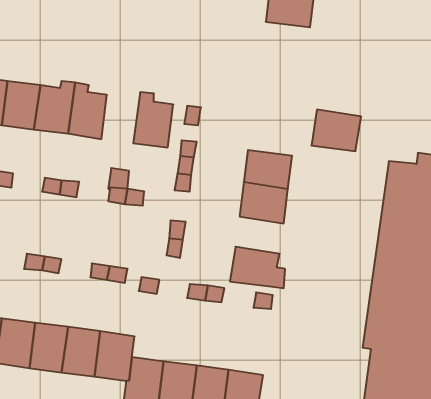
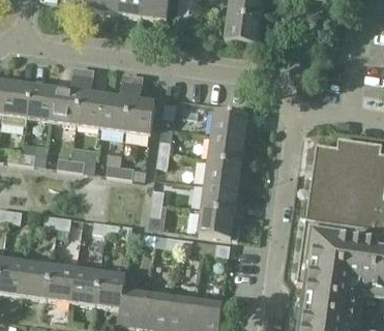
building: none -> [100,91,129,130]
building: [311,110,361,151] -> [210,109,247,140]
building: none -> [201,185,237,213]

